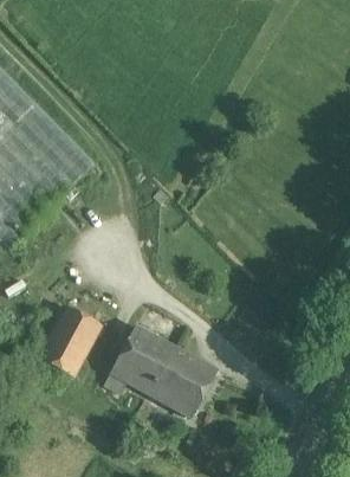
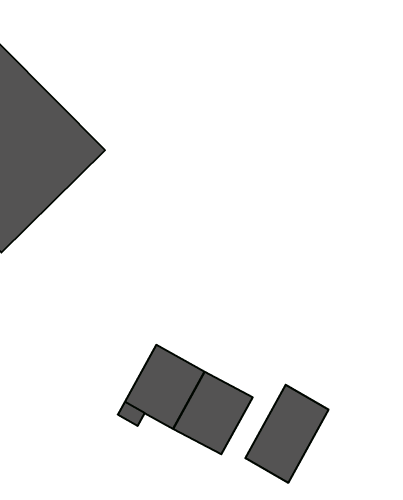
building: [38,305,102,378] -> none
building: none -> [245,385,328,483]

